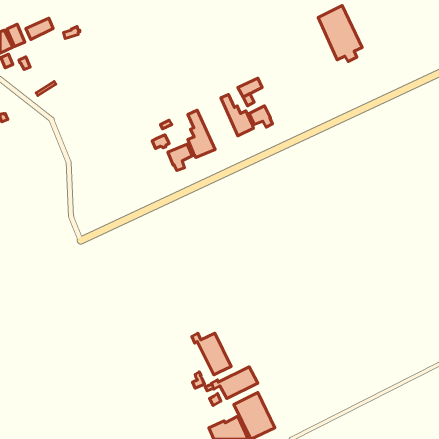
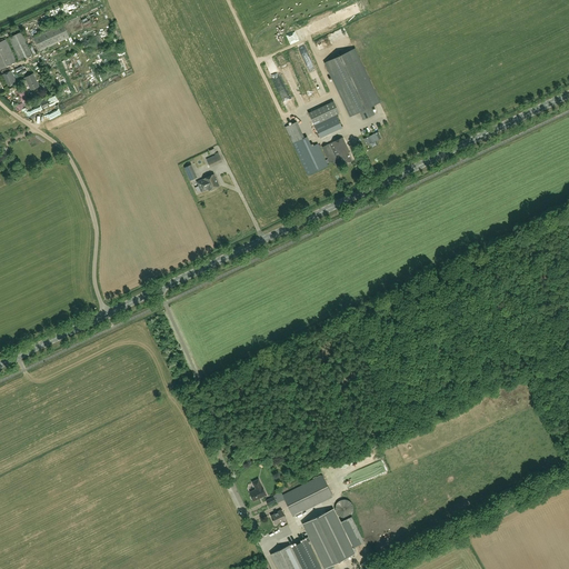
building: [318,6,362,61] -> [325,48,381,120]
building: [168,110,215,171] -> none
building: [192,333,231,375] -> none

